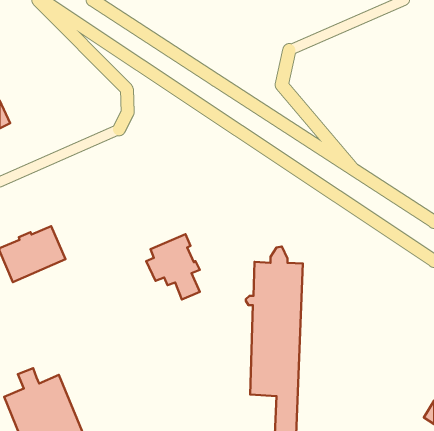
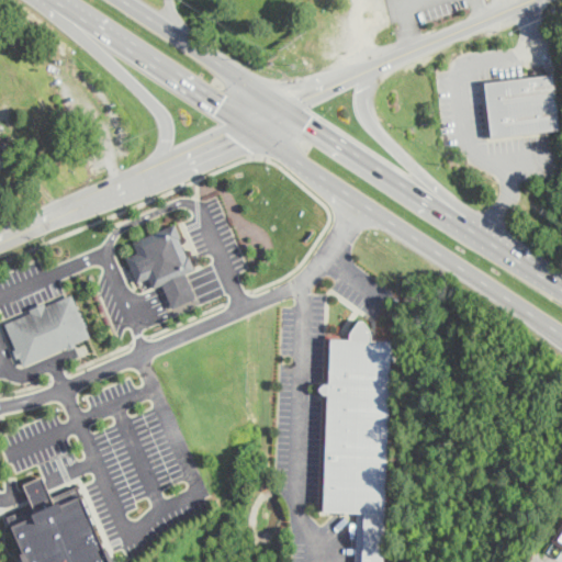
building: none -> [480,77,555,143]
building: [146,234,200,299] -> [124,225,193,310]

